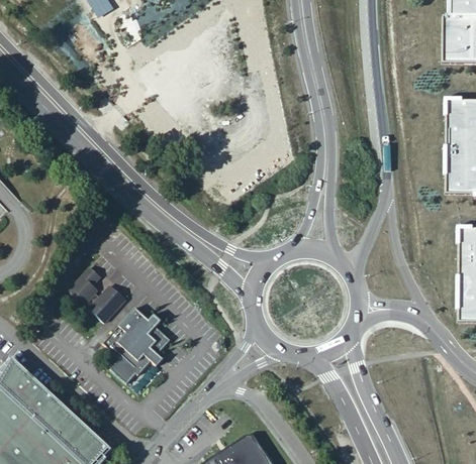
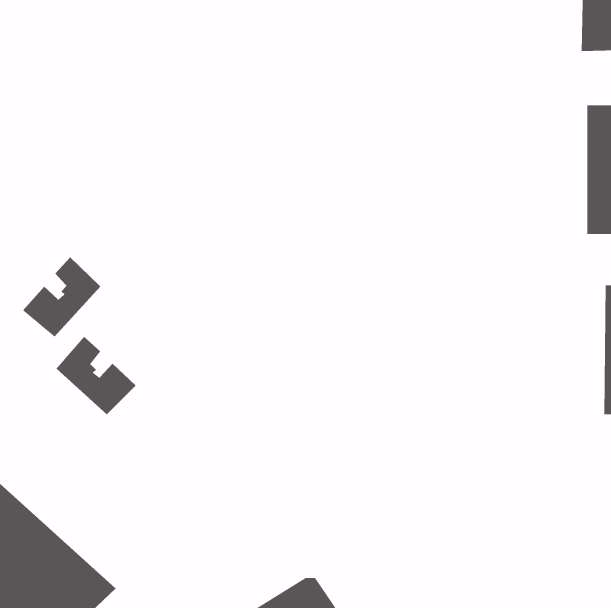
building: none -> [22,257,101,337]
building: [105,309,171,380] -> none

